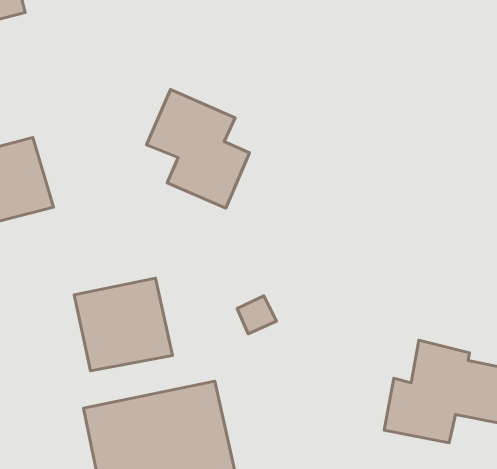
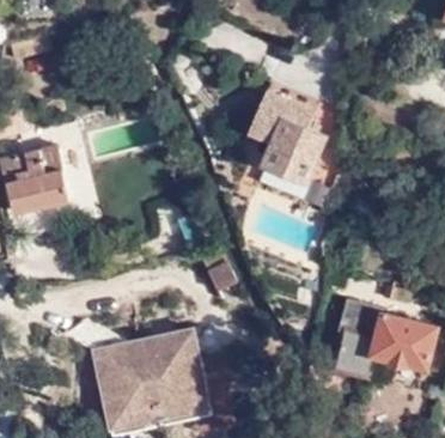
building: [147,89,249,208] -> [246,90,324,180]
building: [74,278,172,371] -> none

